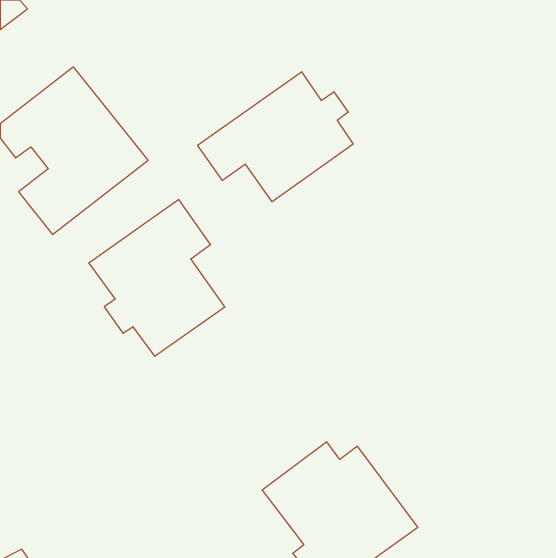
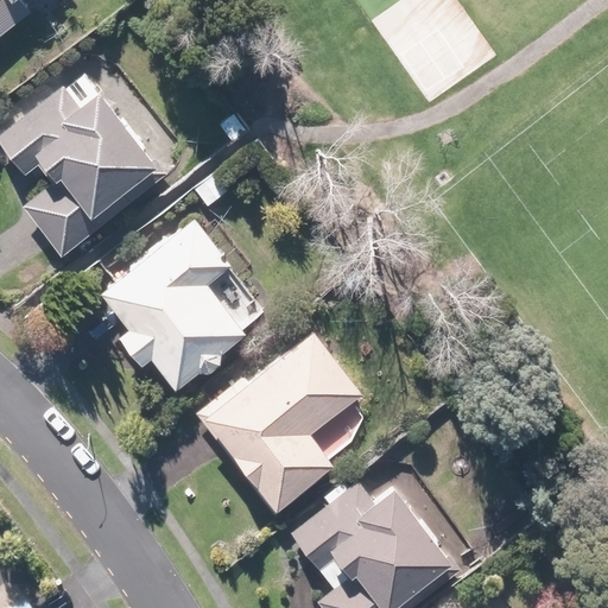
building: [198,72,353,202] -> none
building: none -> [196,330,363,513]

